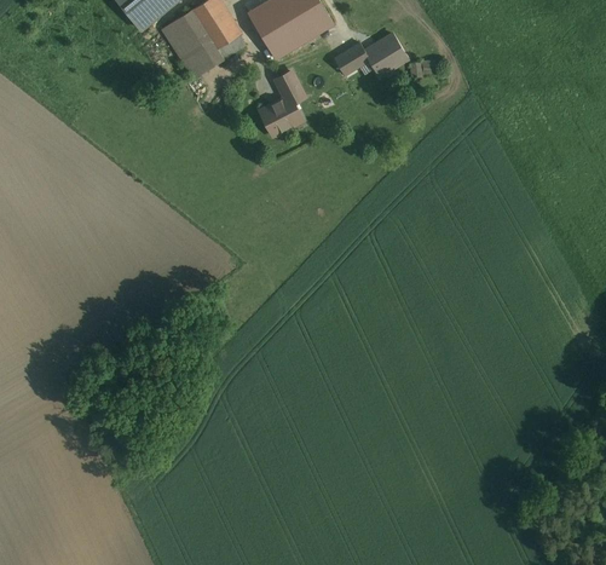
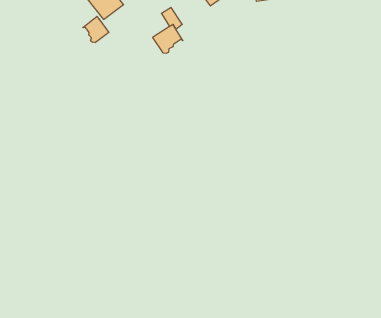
building: none -> [83,16,109,43]

